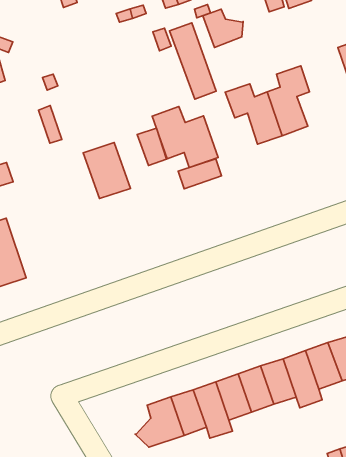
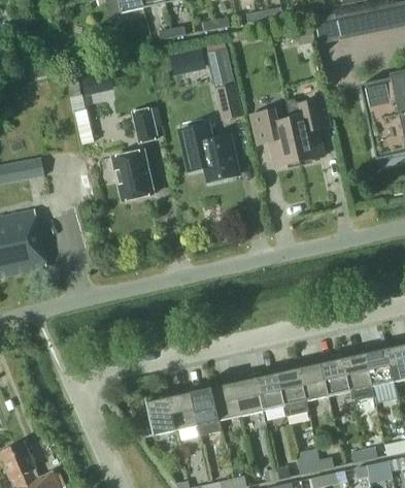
building: [203,9,243,47] -> none
building: [137,128,167,166] -> [132,108,157,142]
building: [178,159,221,189] -> none

